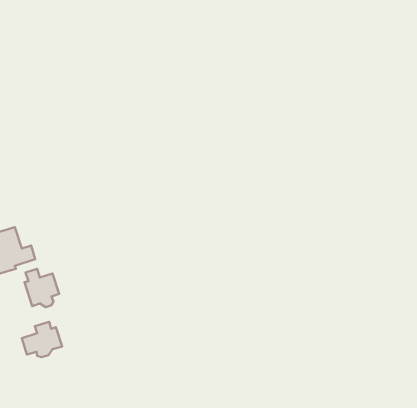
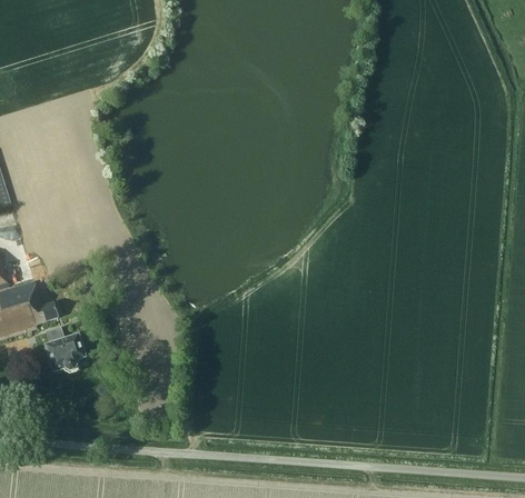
building: [22,322,62,357] -> none

